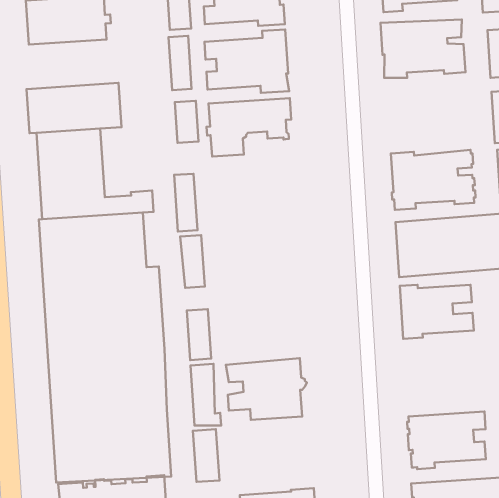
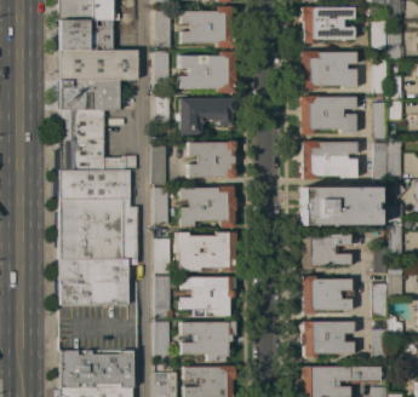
building: none -> [59,50,137,80]
building: none -> [299,96,355,134]
building: none -> [188,140,235,178]
building: none -> [179,186,236,228]
building: none -> [176,232,234,271]
building: none -> [302,276,354,313]
building: none -> [181,321,235,362]

